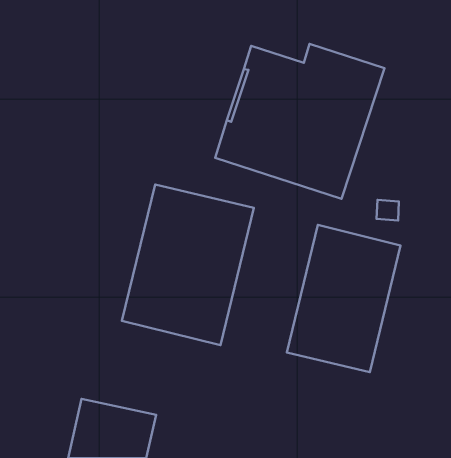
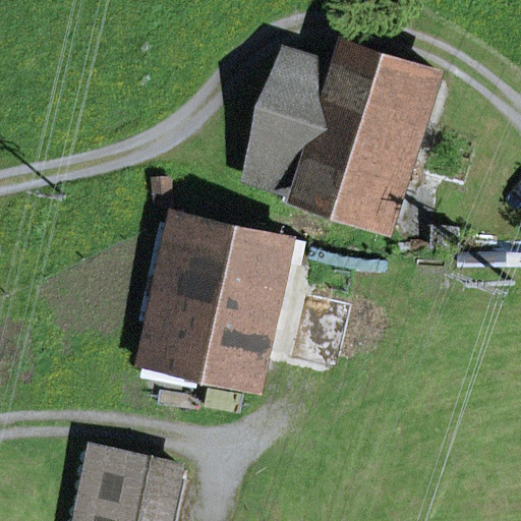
building: [287,225,400,372] -> none

